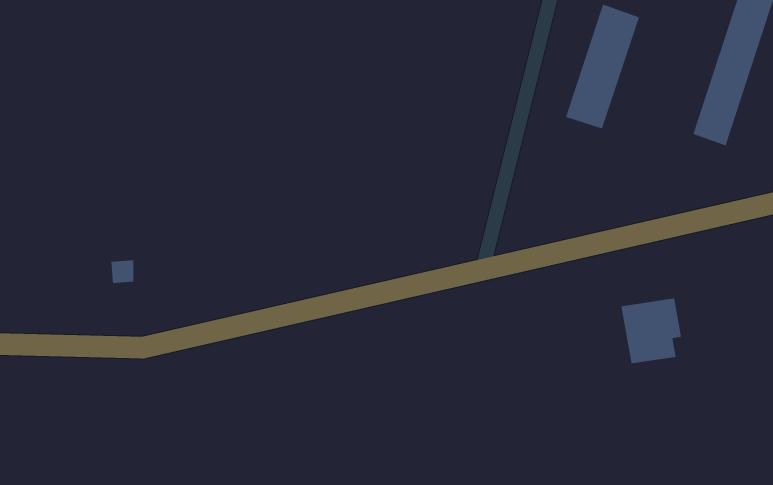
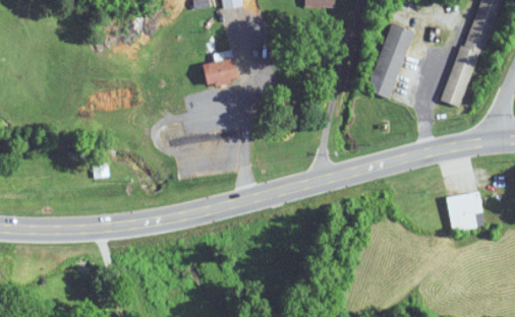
building: none -> [202,51,236,84]
building: [621,298,682,364] -> [446,192,482,232]

